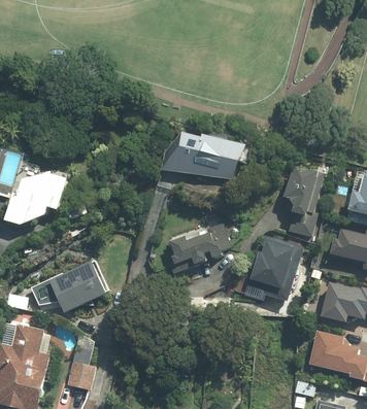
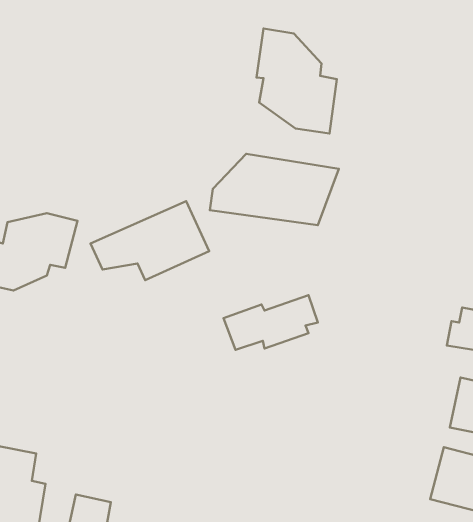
building: none -> [257,28,337,133]
building: [283,167,321,235] -> none
building: [247,235,303,298] -> none
building: [28,260,108,313] -> [90,201,209,280]

